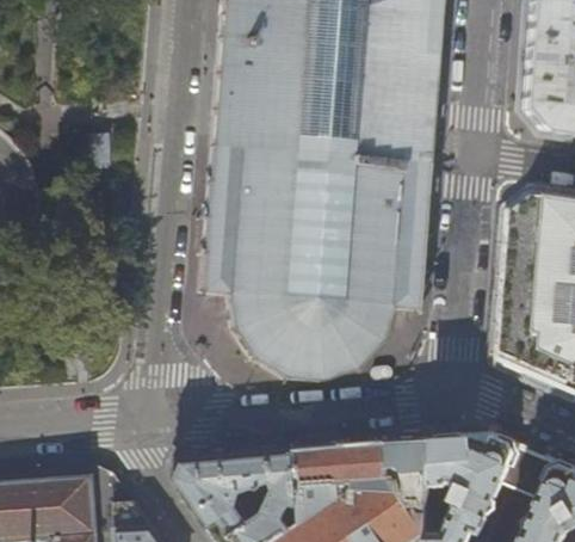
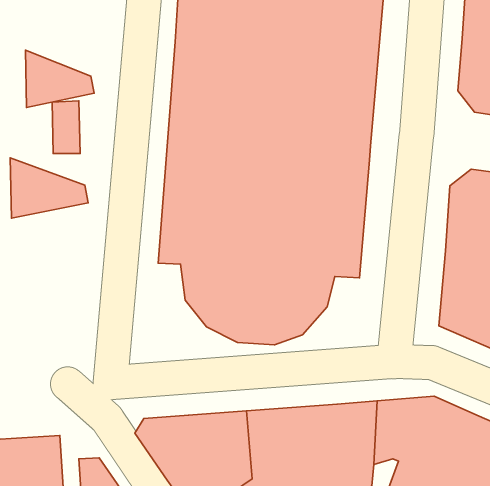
building: none -> [25,50,94,108]
building: none -> [10,158,88,218]

